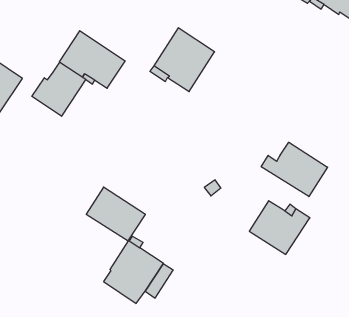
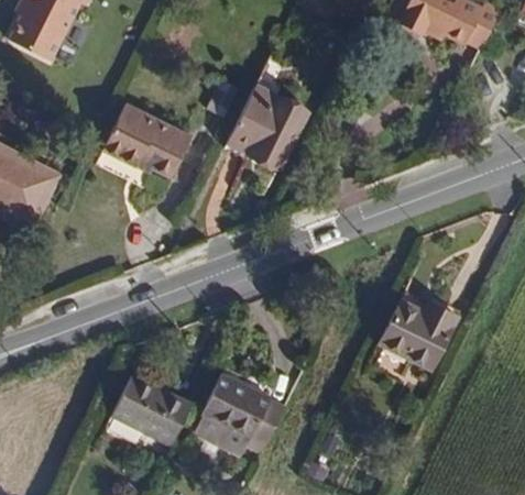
building: [32,62,86,116] -> none
building: [261,142,328,197] -> none
building: [86,187,145,241] -> [113,375,192,442]

